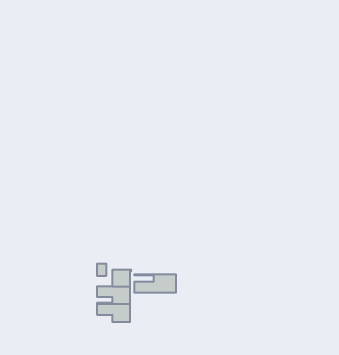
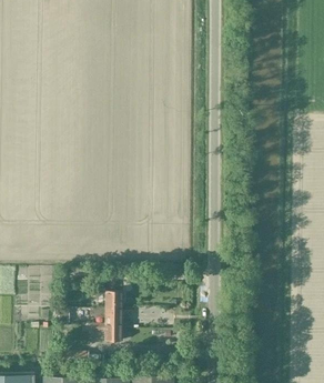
building: [134,274,176,293] -> none

